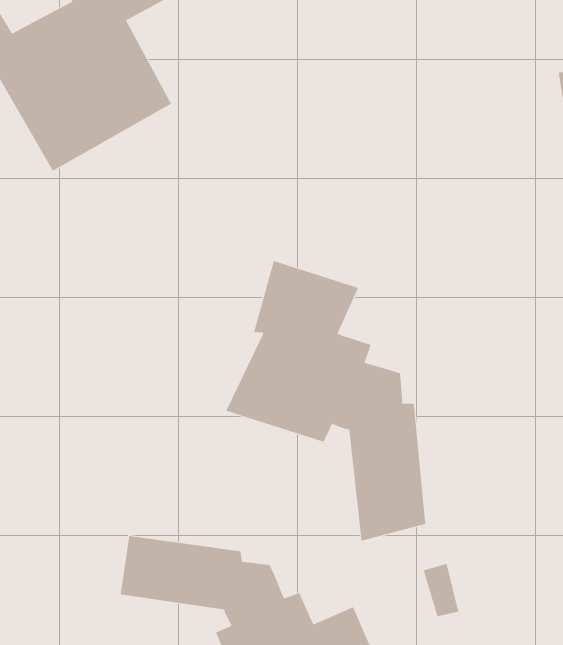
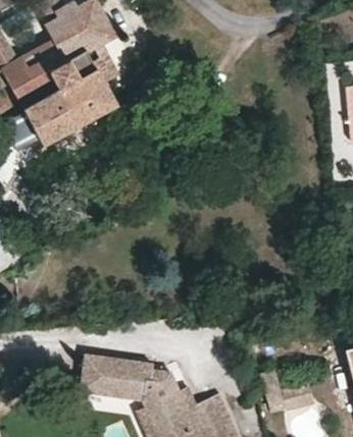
building: [226,260,426,542] -> none

